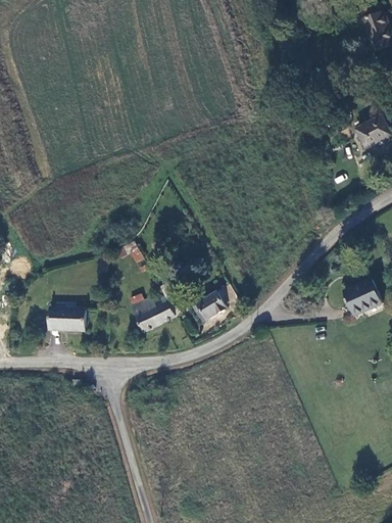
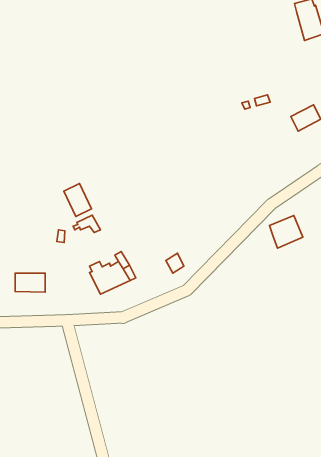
building: none -> [64,183,92,216]
building: [344,280,382,317] -> [269,216,303,248]
building: [192,294,224,323] -> none

